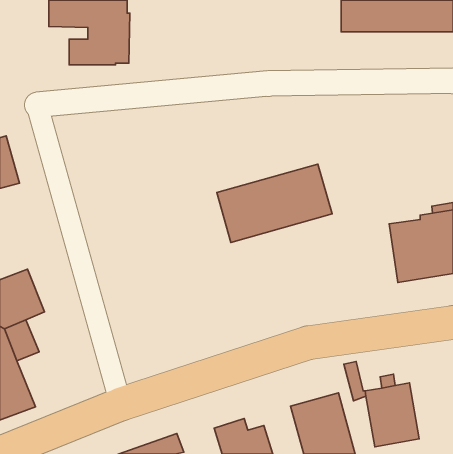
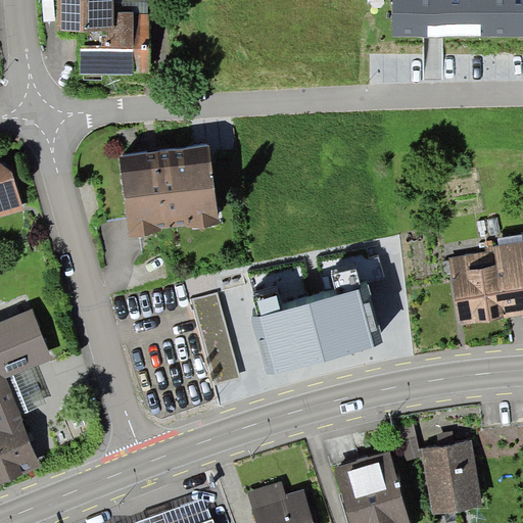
building: none -> [117,146,218,237]
building: [217,164,332,242] -> [250,285,383,375]
building: none -> [191,292,239,384]

